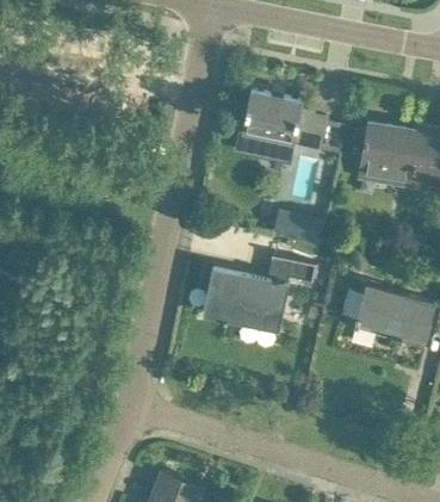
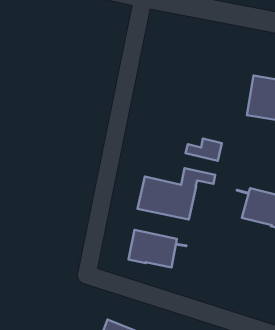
building: [237,88,346,160] -> none
building: none -> [129,230,186,268]

